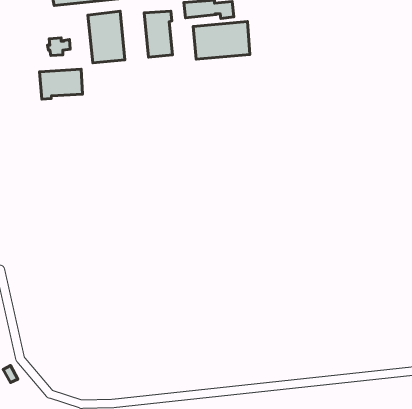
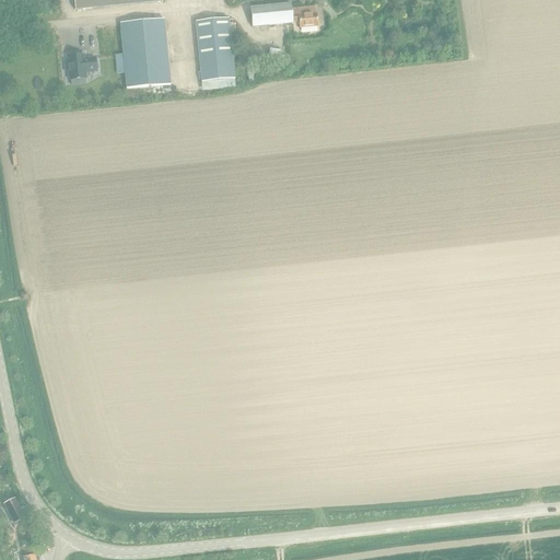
building: [193,21,250,59] -> none
building: [39,69,83,99] -> none

